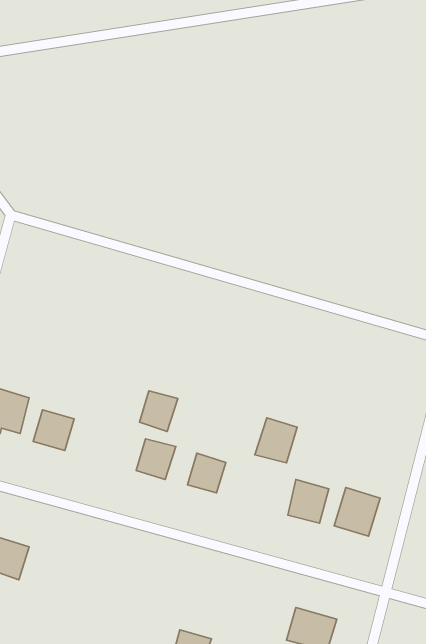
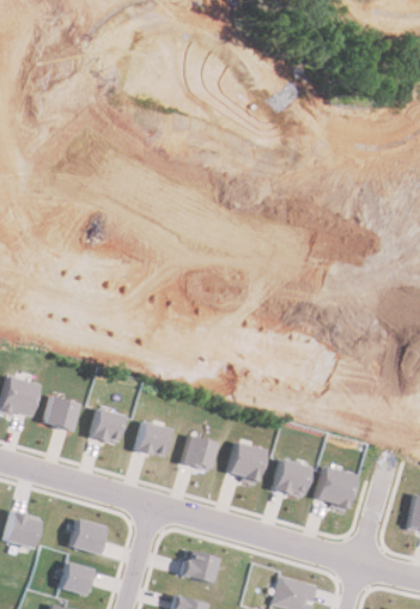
building: [140,391,178,432] -> [91,408,126,445]
building: [255,418,297,463] -> [227,441,266,482]
building: none -> [71,519,106,554]
building: none -> [181,549,215,583]
building: none -> [60,561,95,596]

